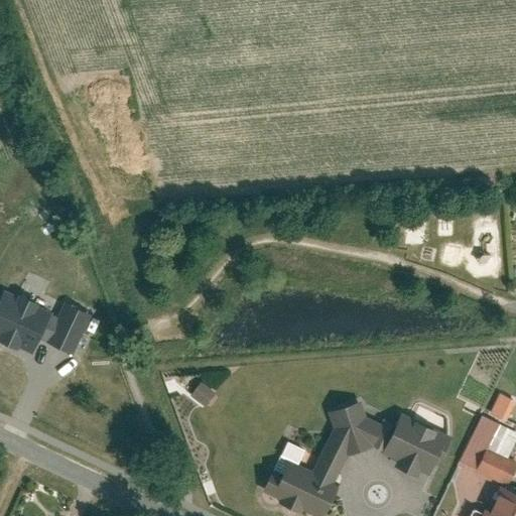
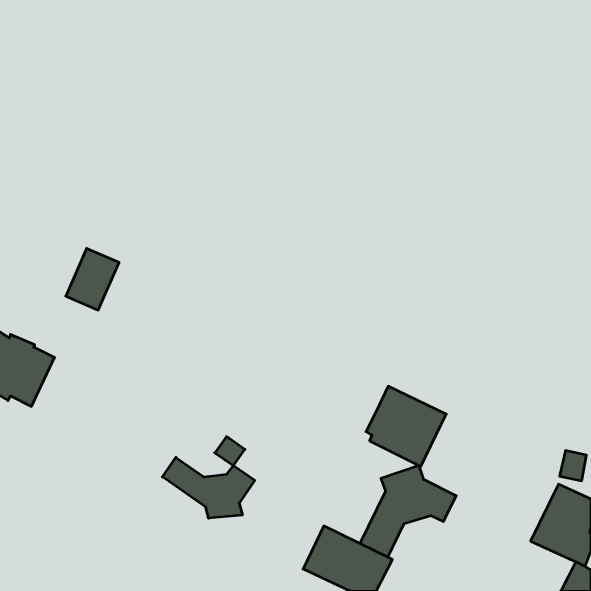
building: [39,298,86,352] -> [66,248,119,310]
building: none -> [162,457,255,518]
building: [385,413,455,483] -> [366,386,446,466]

